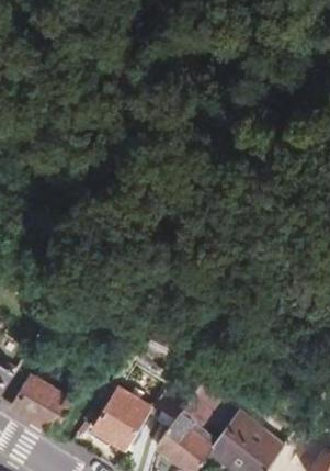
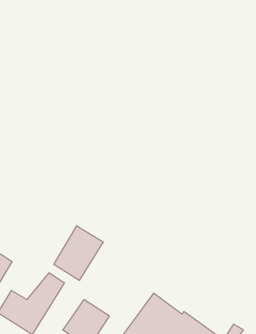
building: none -> [54,226,103,280]

